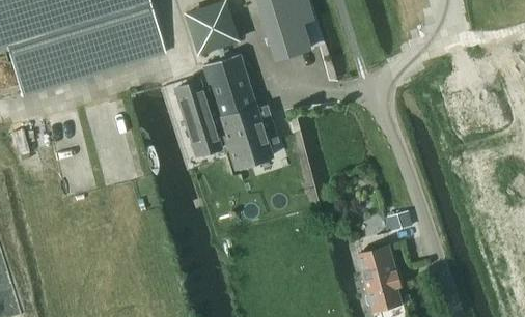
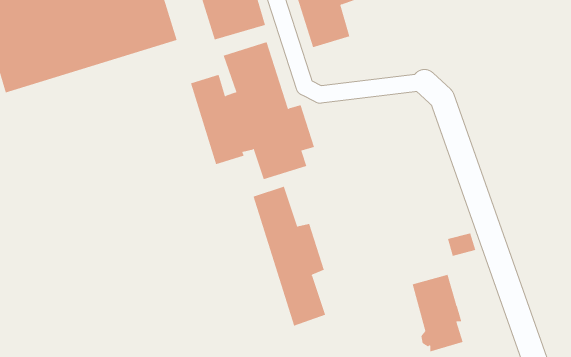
building: none -> [253,186,326,327]

